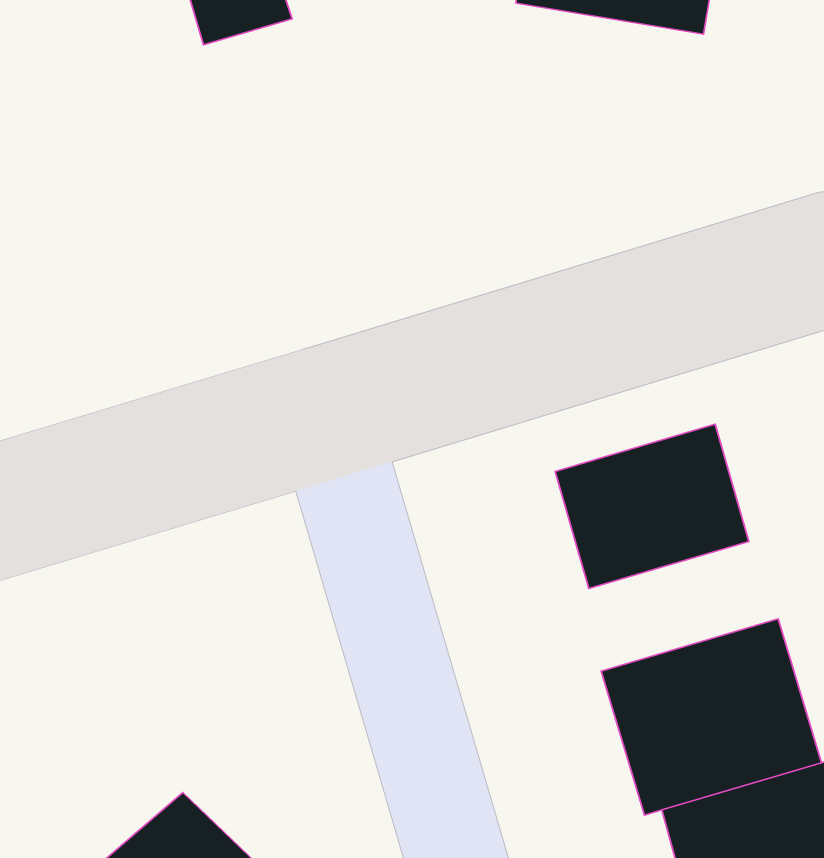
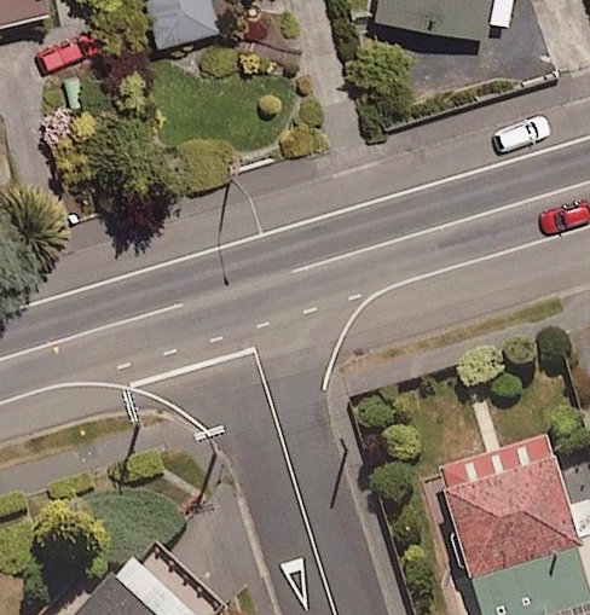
building: [555,424,749,589] -> none

